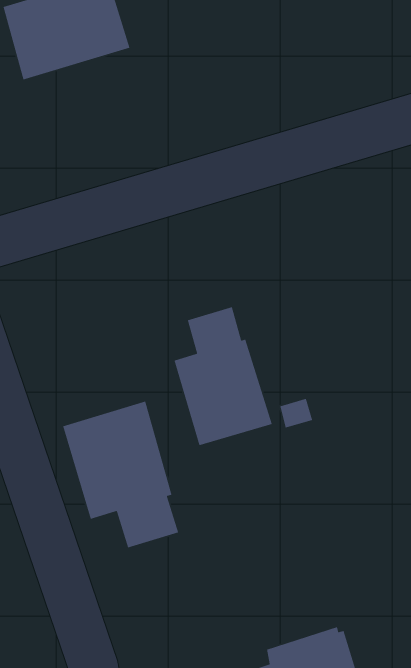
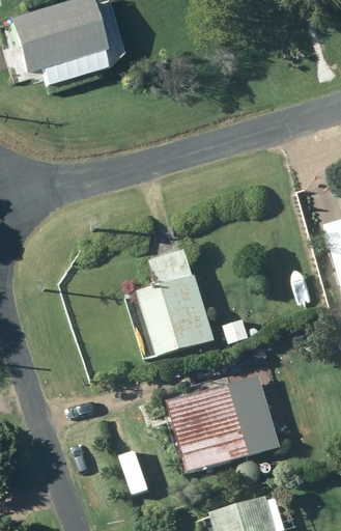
building: [62,401,179,548] -> none
building: none -> [170,375,281,473]

